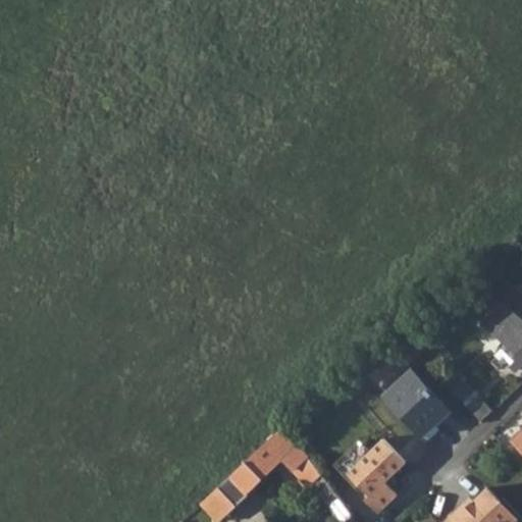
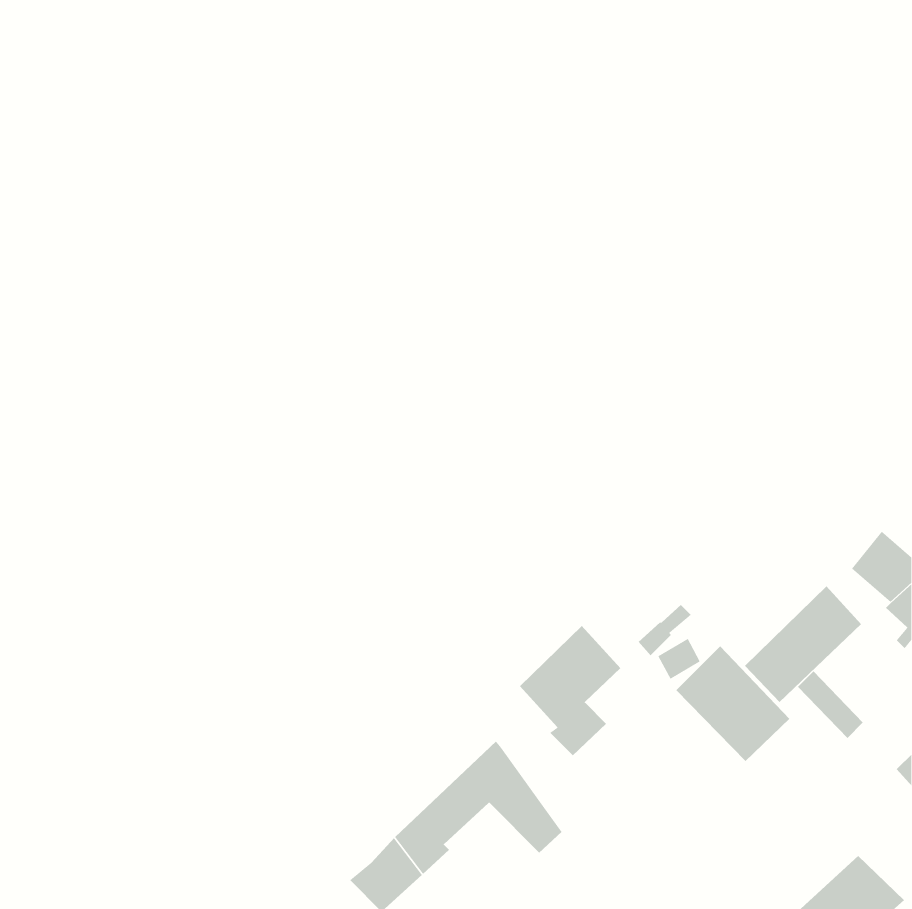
building: none -> [744,586,862,703]
building: [349,441,407,516] -> [519,625,621,756]

